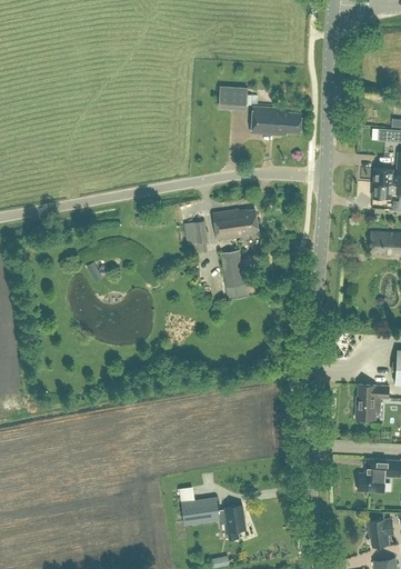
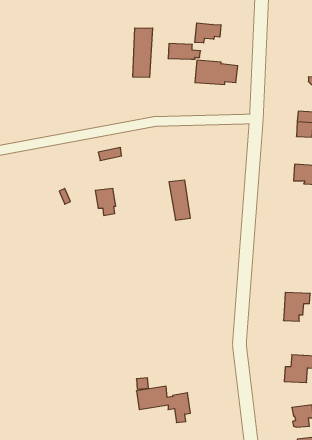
building: none -> [195,23,221,43]
building: none -> [133,28,153,77]
building: [213,209,259,240] -> none
building: [183,221,208,253] -> [95,189,116,215]

